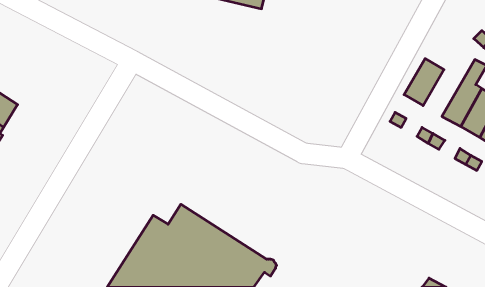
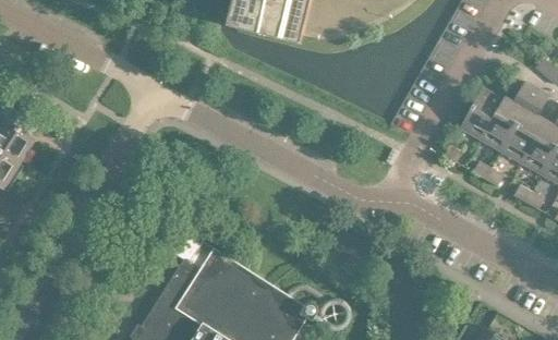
building: none -> [477,83,534,153]

